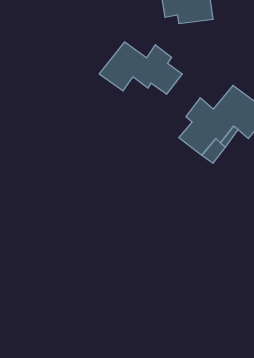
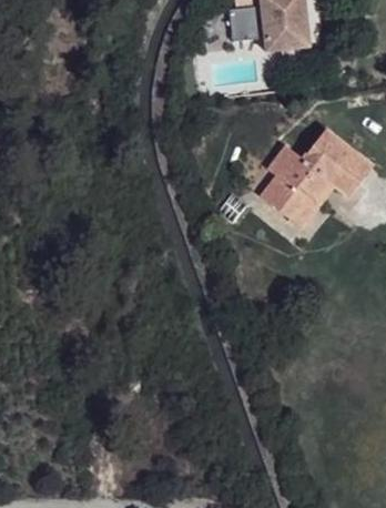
building: [99,42,182,94] -> none

